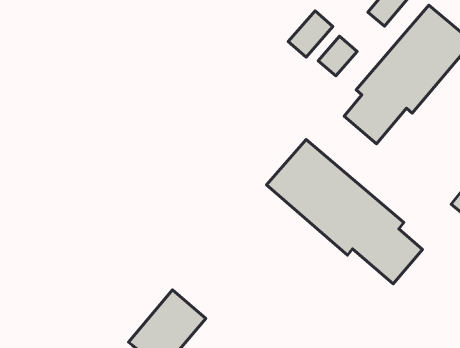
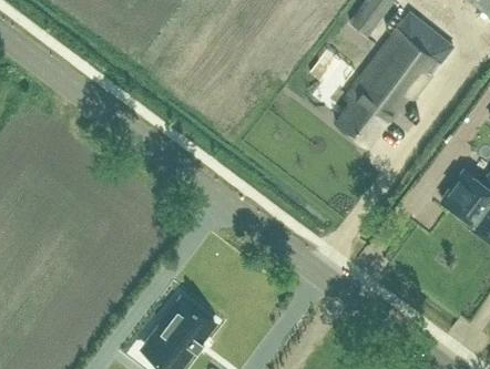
building: [288,11,333,57] -> none
building: [267,140,422,284] -> none

